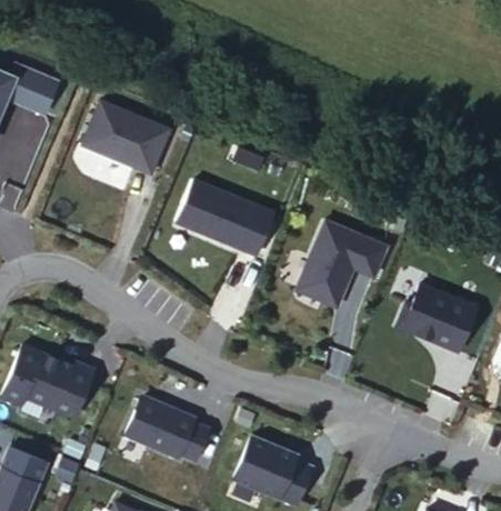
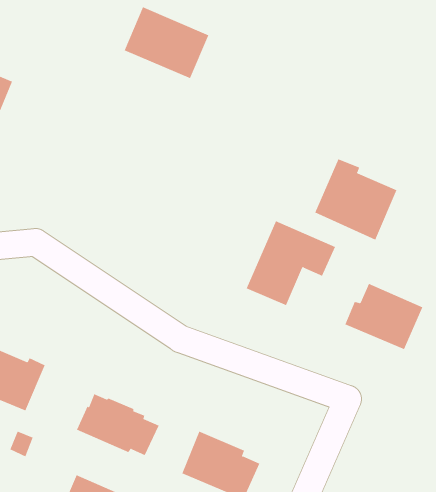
building: [84,103,171,177] -> [124,7,209,79]
building: none -> [315,159,397,240]
building: [178,183,275,259] -> none

